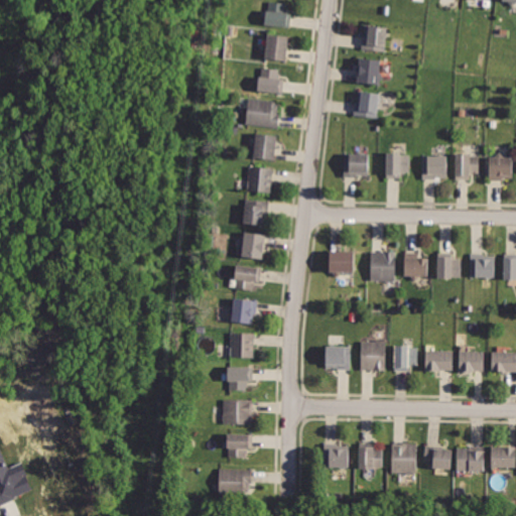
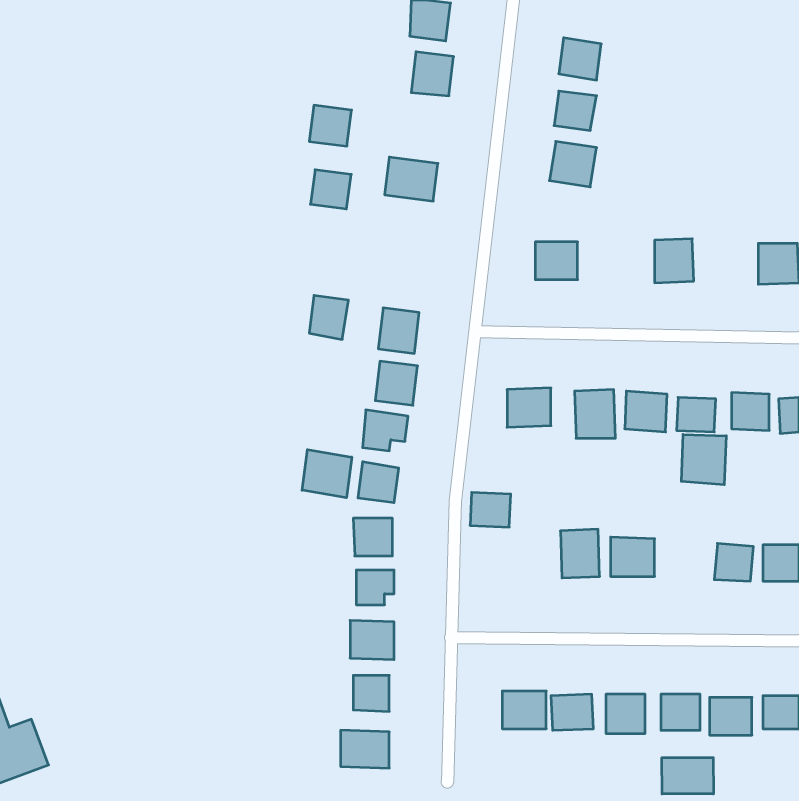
building: [256,68,283,94] -> [309,105,352,146]
building: [251,134,277,159] -> [310,170,351,209]
building: [381,153,408,181] -> none
building: [452,154,481,179] -> none
building: [247,166,272,195] -> [309,295,348,339]
building: none -> [681,434,726,485]
building: none -> [302,450,352,498]
building: [325,348,351,370] -> [470,492,511,527]
building: [425,350,453,371] -> none
building: none -> [662,758,713,794]

